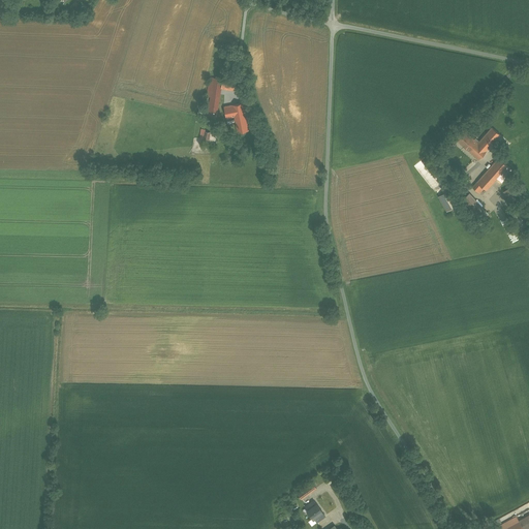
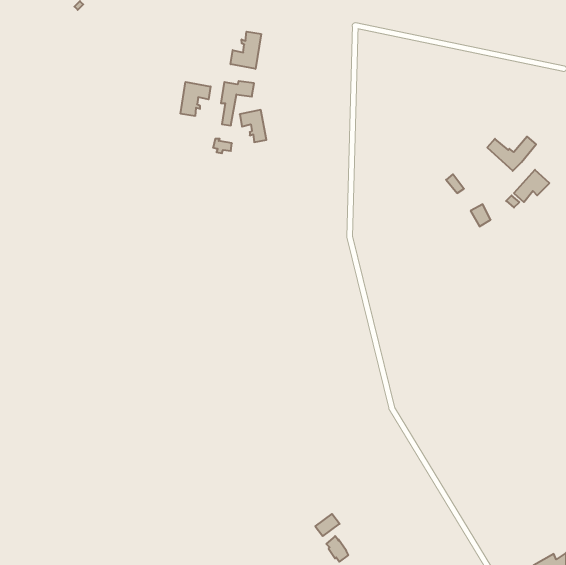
building: none -> [231,32,261,69]
building: none -> [181,82,211,116]

